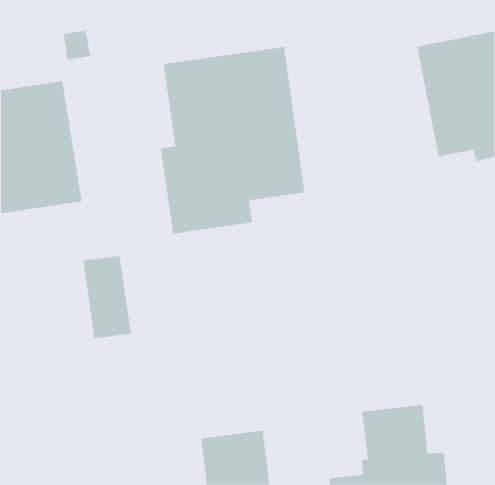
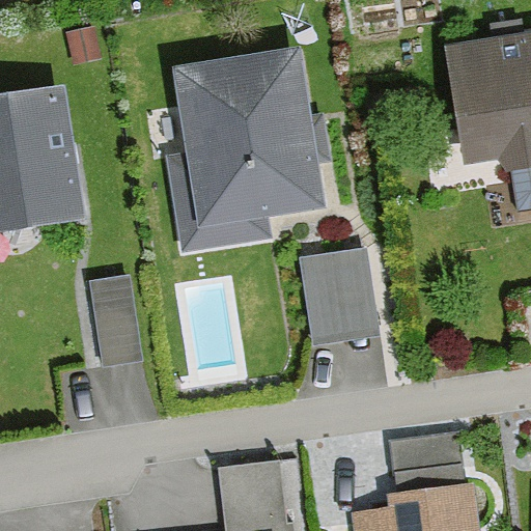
building: none -> [297,246,379,348]

